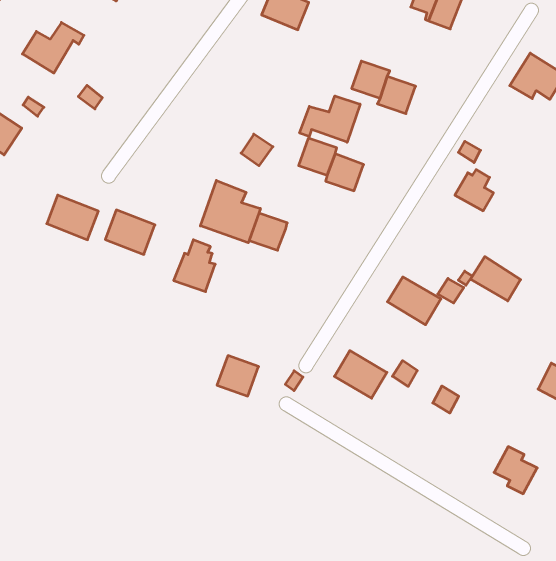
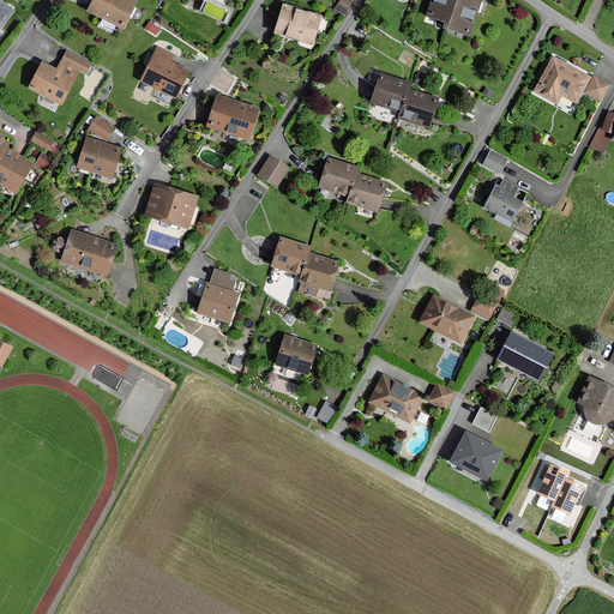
building: none -> [140,47,189,97]
building: none -> [205,95,258,139]
building: [300,96,360,142] -> none
building: none -> [77,137,122,176]
building: [200,180,260,243] -> none
building: [105,210,155,254] -> [146,182,197,227]
building: none -> [301,252,339,289]
building: [471,257,521,301] -> [498,333,549,378]
building: [217,356,259,396] -> [275,335,317,375]
building: none -> [447,431,502,482]

